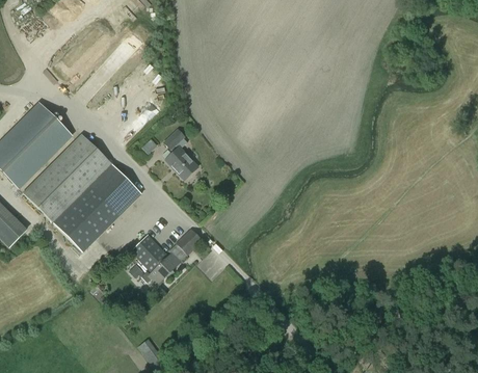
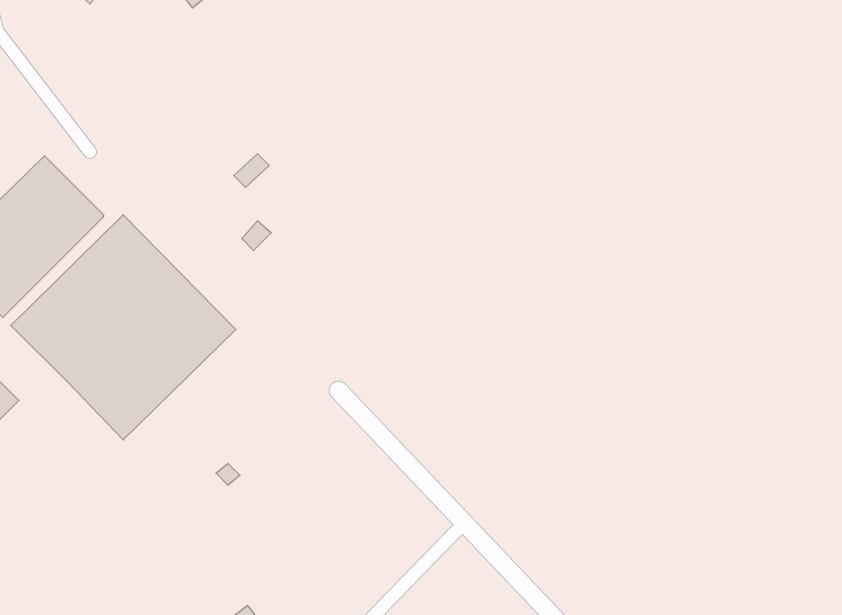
building: [163,129,196,179] -> none
building: [130,228,202,284] -> none

